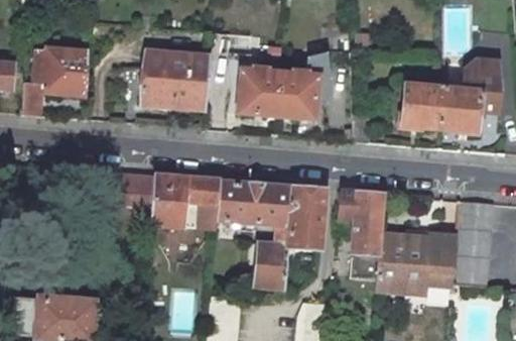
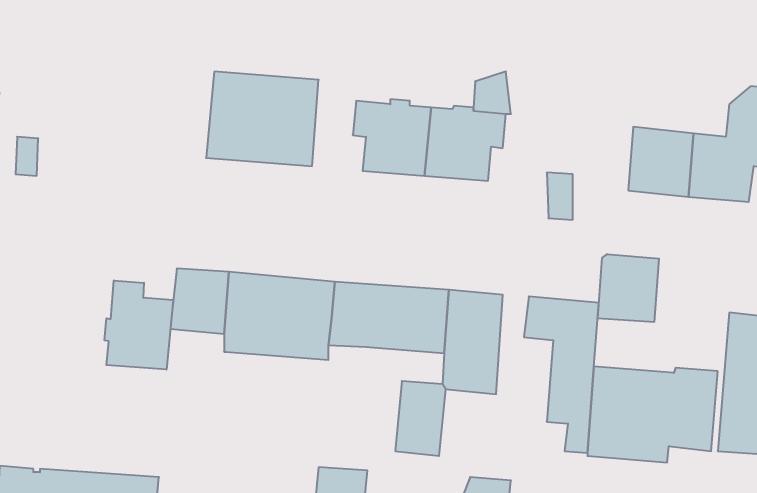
building: [34,47,88,94] -> none
building: none -> [598,254,659,322]
building: none -> [105,280,173,370]

